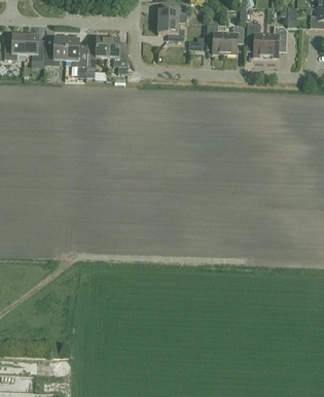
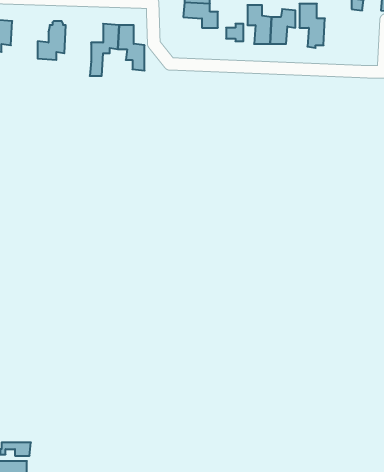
building: [265,26,287,57] -> none
building: [25,36,46,61] -> none
building: [66,36,86,67] -> none

